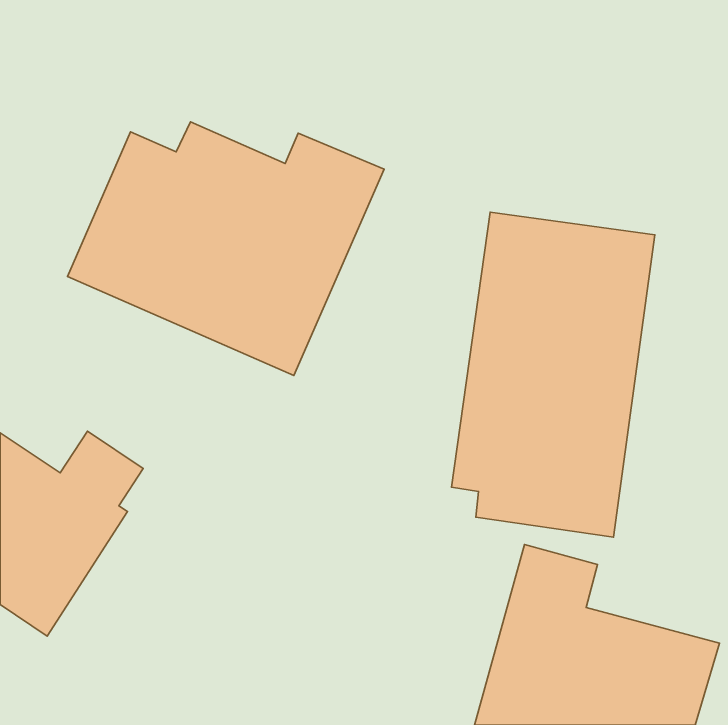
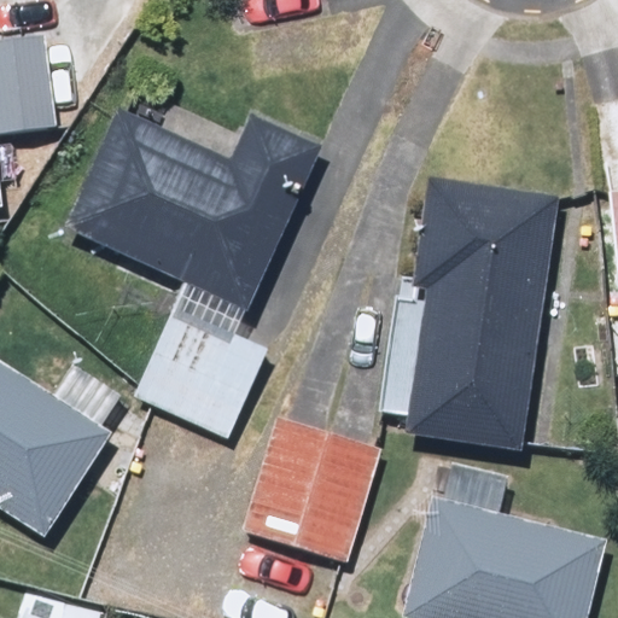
building: none -> [130,307,273,442]
building: none -> [244,415,380,556]

